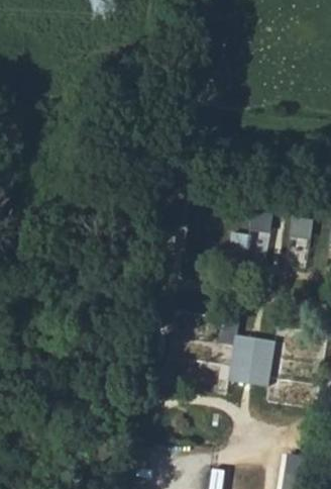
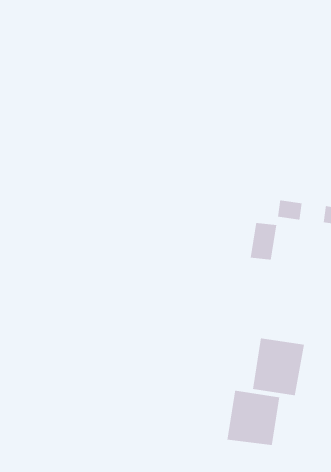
building: none -> [227,390,280,446]

